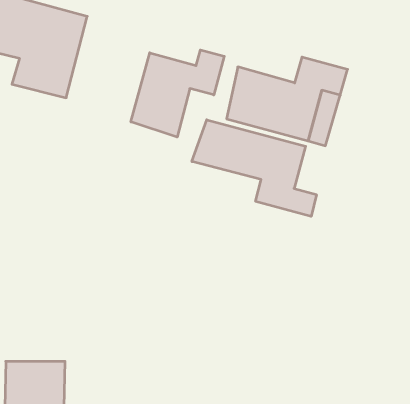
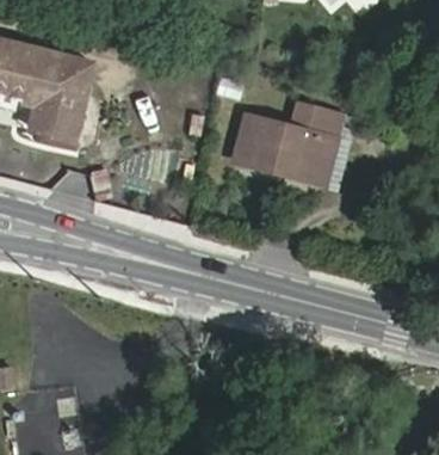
building: [131,50,224,137] -> none
building: [192,120,316,216] -> none

